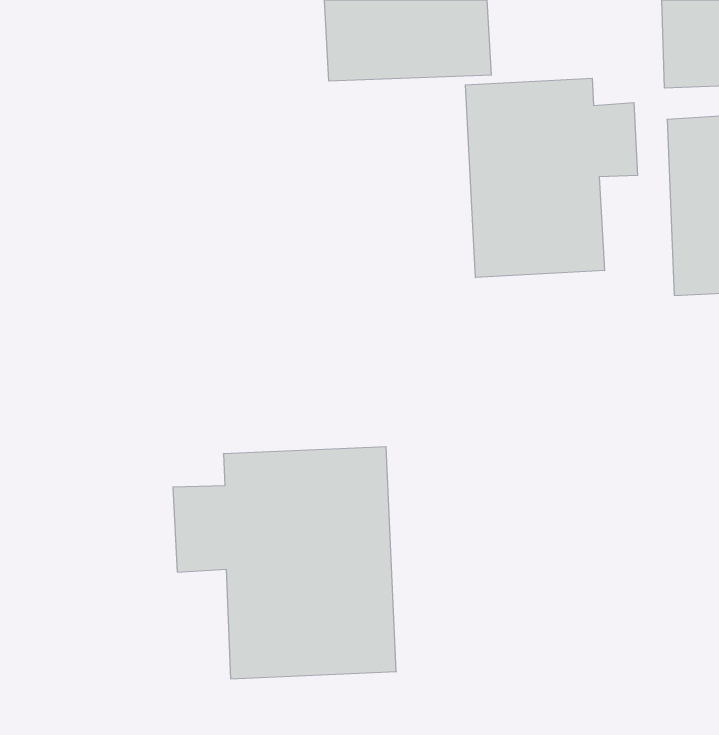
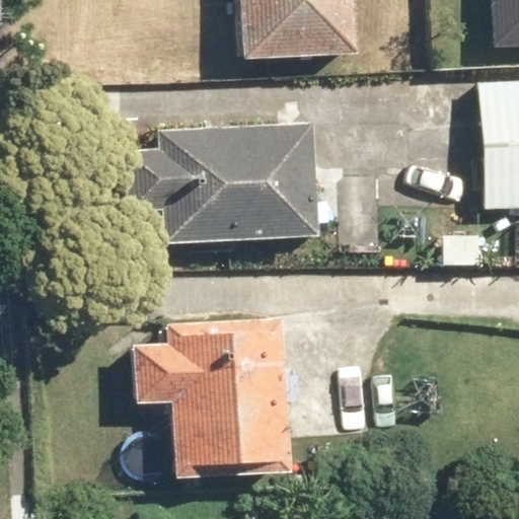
building: [465,78,637,278] -> none
building: none -> [124,123,319,242]

